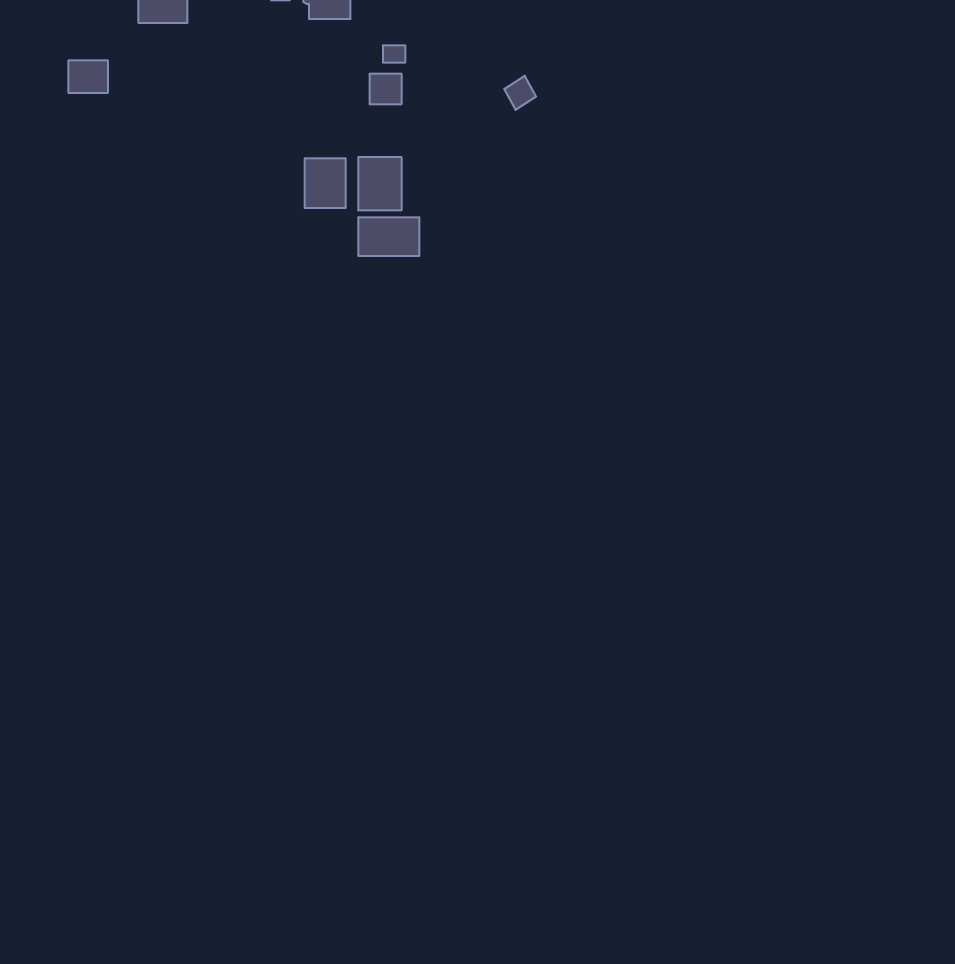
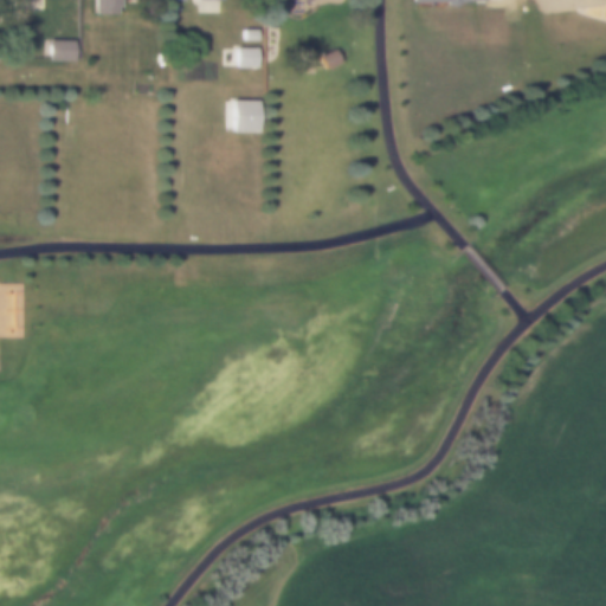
building: [305,158,345,208] -> none
building: [358,217,419,256] -> none

